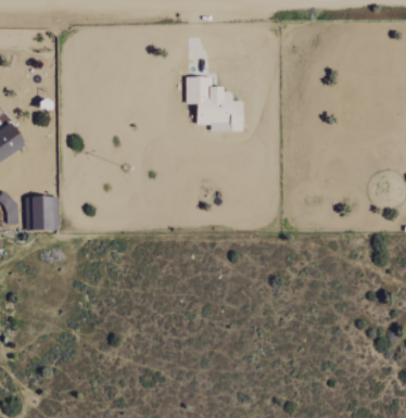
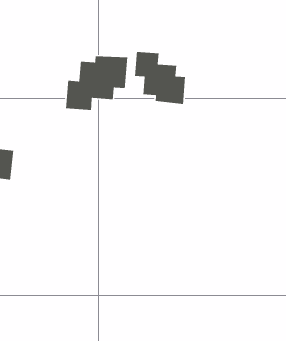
building: none -> [65,55,128,111]

